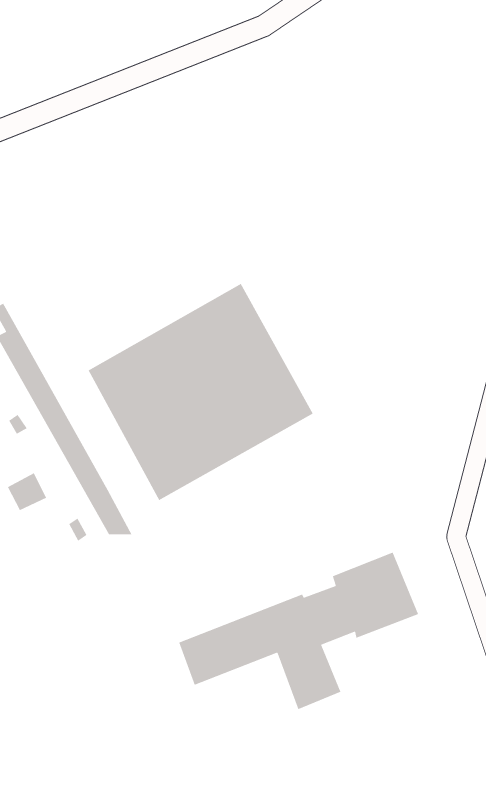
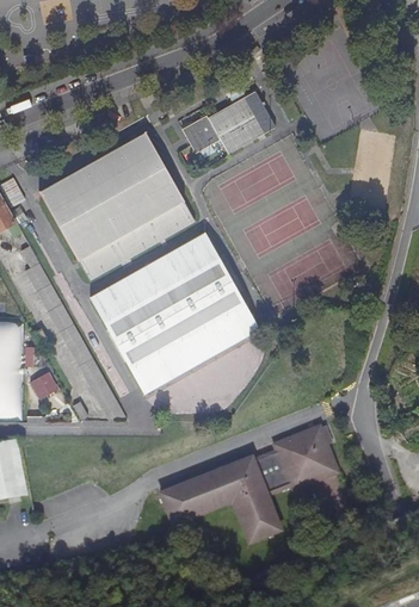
building: none -> [181,91,276,153]
building: none -> [39,131,193,279]

